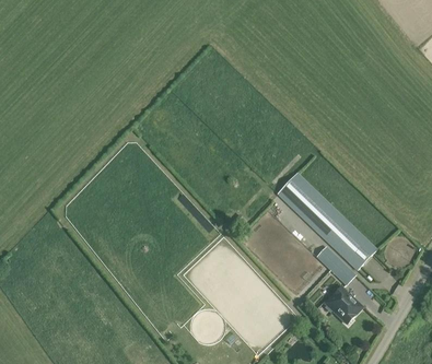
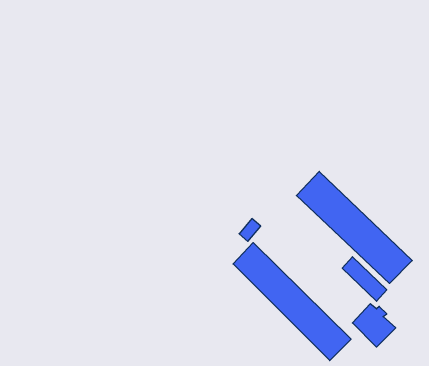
building: none -> [233,243,351,361]

